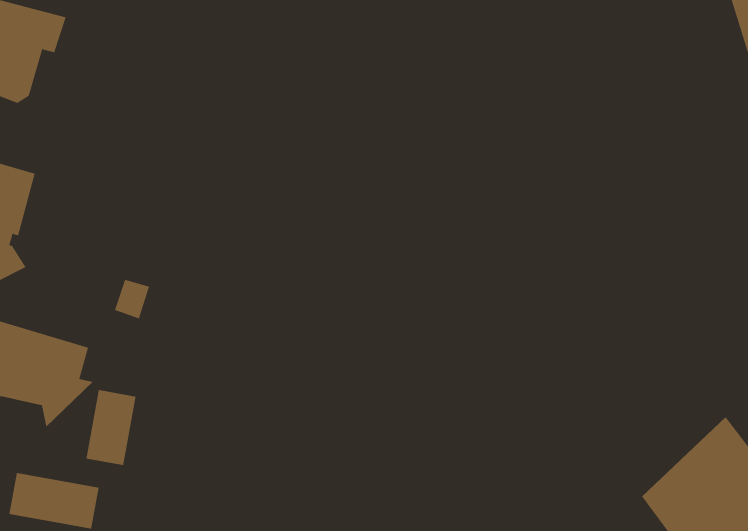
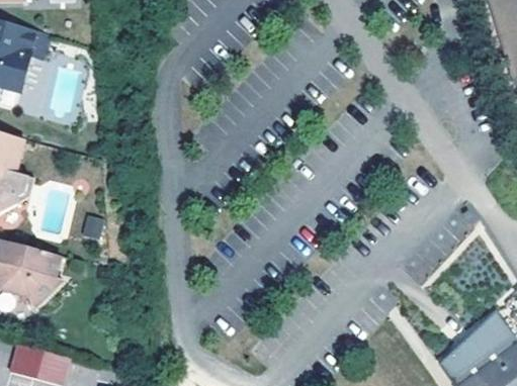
building: [86,389,136,466] -> none

